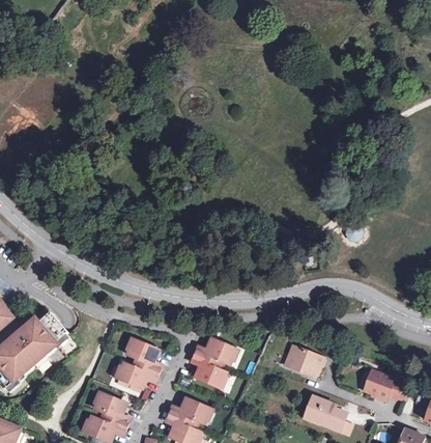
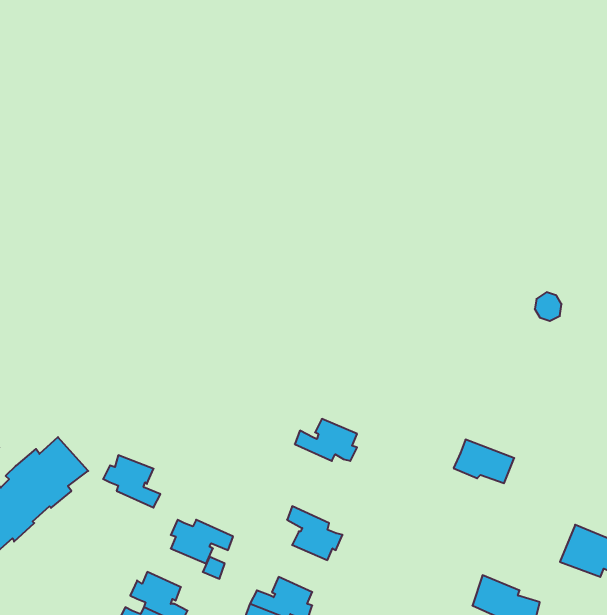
building: [194,338,232,364] -> [295,419,357,461]
building: [126,340,162,372] -> [103,455,160,508]
building: [283,347,320,373] -> [454,440,514,483]

